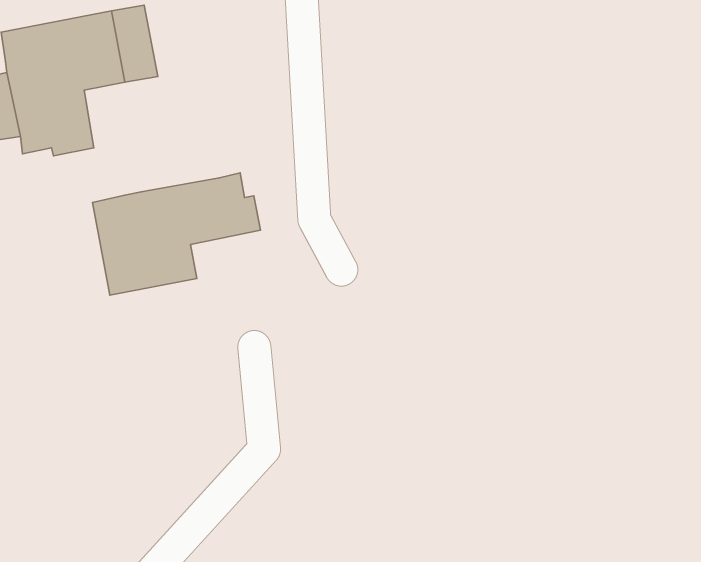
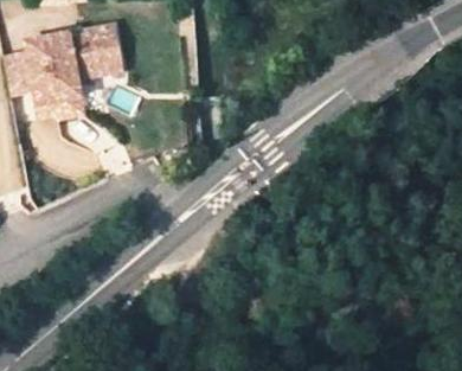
building: [93,173,260,295] -> none

